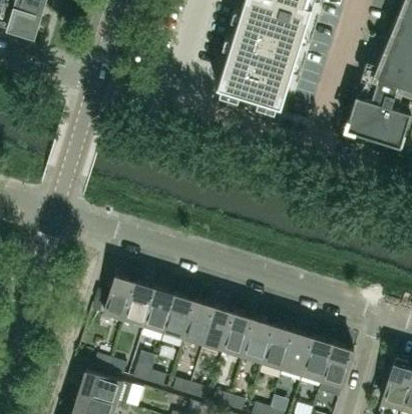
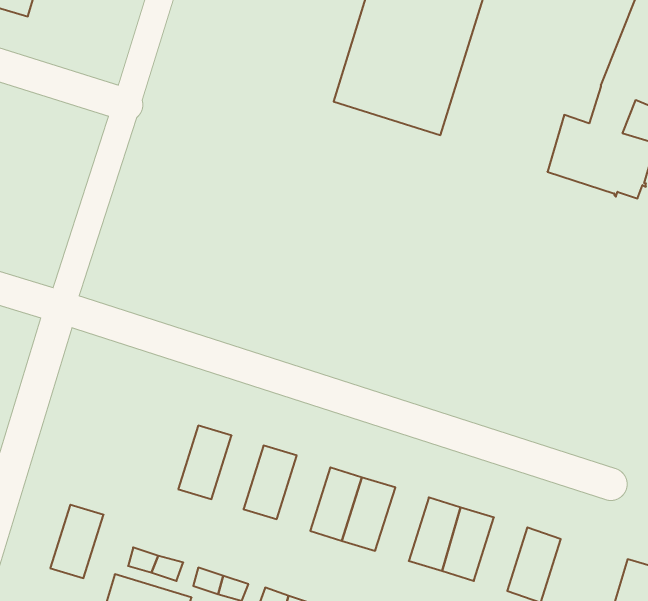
building: [104,277,136,321] -> [50,505,104,578]
building: [144,289,175,333] -> none
building: [183,301,216,346] -> none
building: [243,320,275,364] -> none
building: [302,338,334,382] -> none

